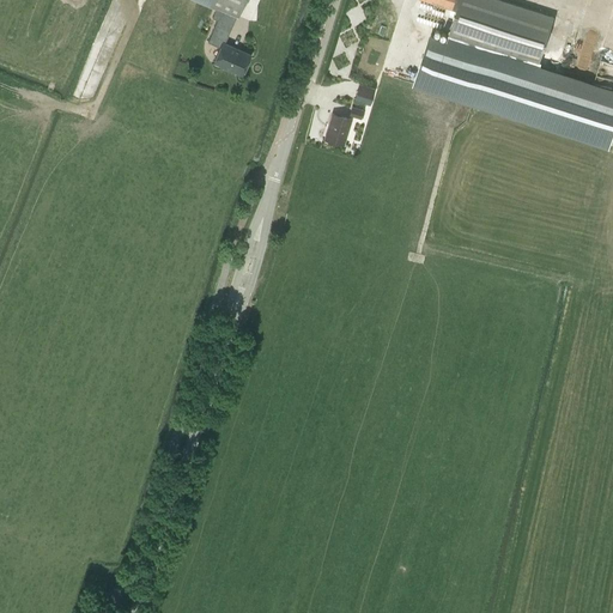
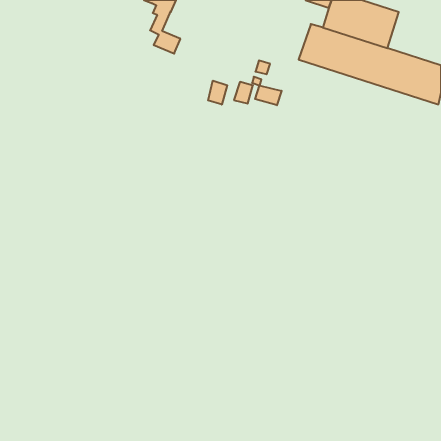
building: none -> [208,81,227,105]
building: none -> [255,85,282,105]

